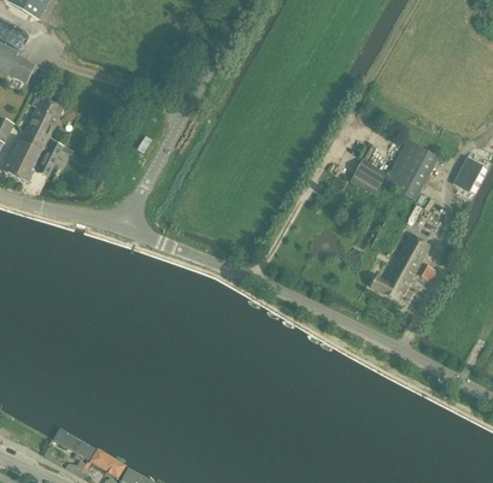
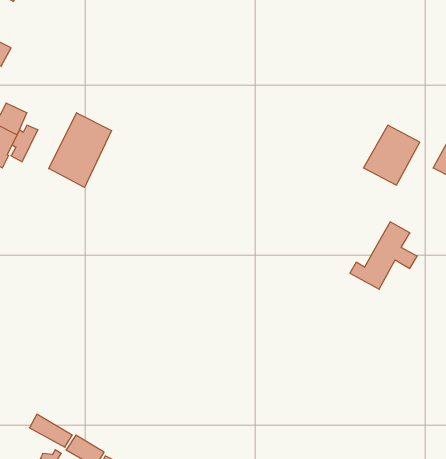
building: [30,95,61,129] -> none
building: none -> [49,113,112,187]
building: [350,160,386,196] -> none

